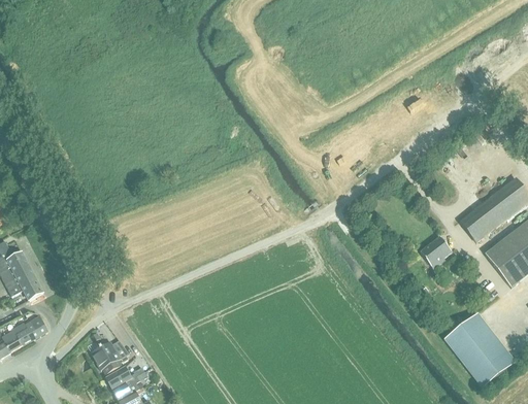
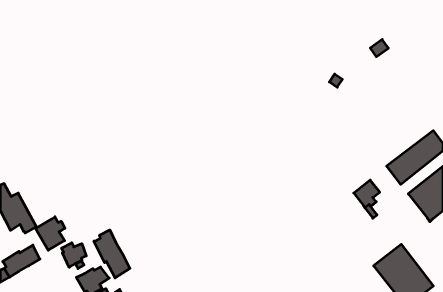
building: none -> [36,217,65,250]
building: none -> [94,230,130,278]
building: none -> [62,243,86,267]

